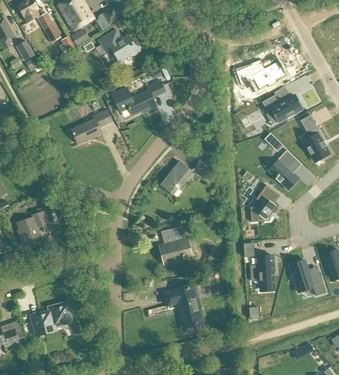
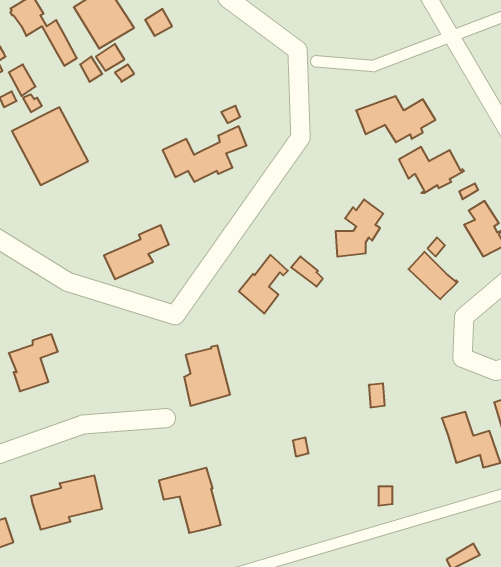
building: [97,30,140,65] -> none
building: [71,110,112,144] -> [104,225,169,279]
building: [250,186,280,222] -> [336,199,383,257]
building: [162,226,191,264] -> [184,345,230,406]
building: [257,255,274,287] -> none
building: [164,285,203,326] -> [159,468,221,533]

